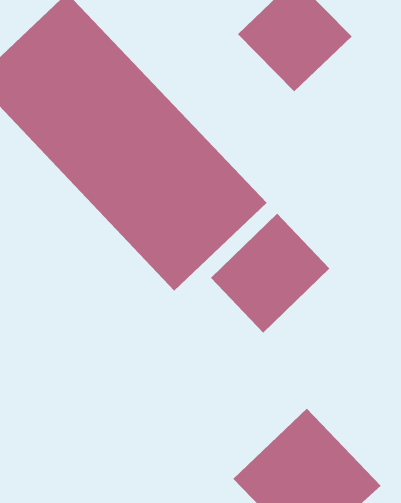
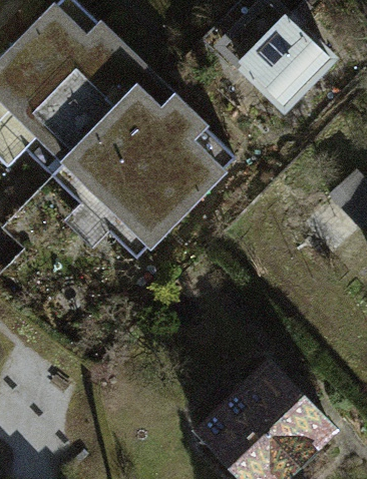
building: [210,213,330,334] -> none

